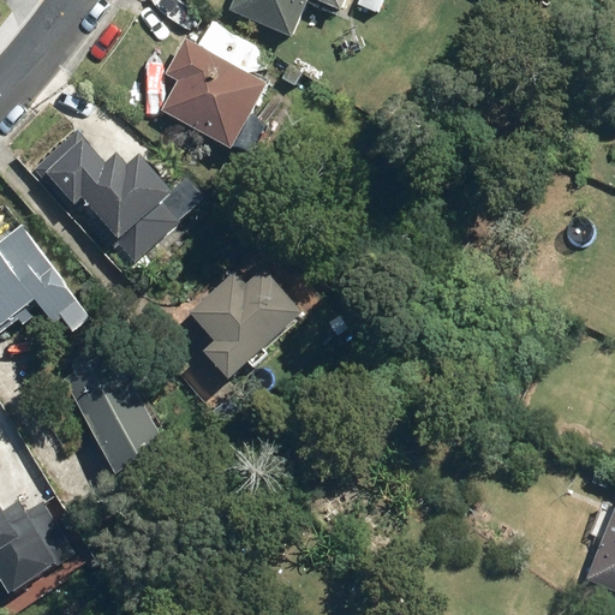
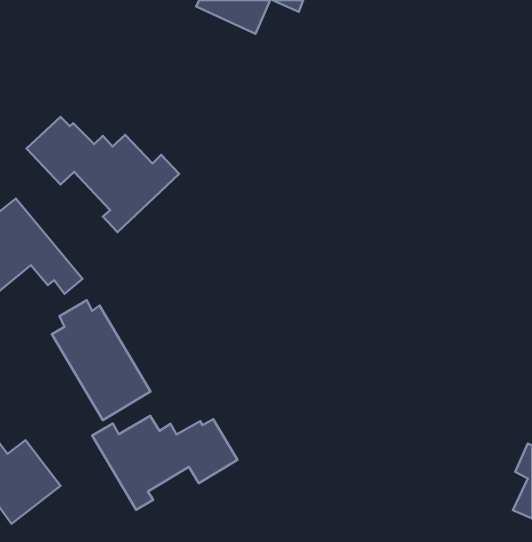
building: [156,35,267,159] -> none
building: [191,280,305,381] -> none
building: none -> [92,416,238,510]

